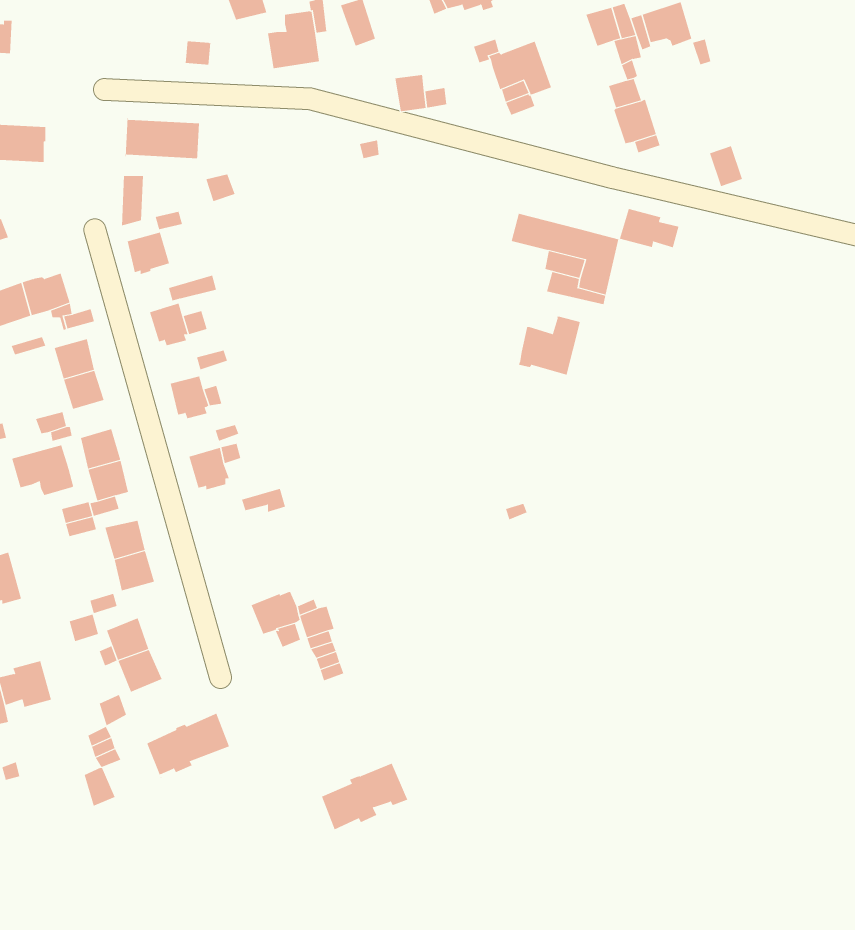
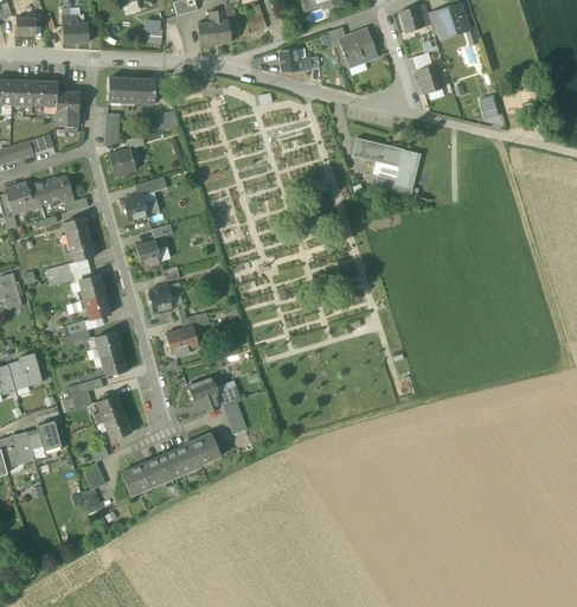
building: none -> [62,15,89,44]
building: none -> [56,92,79,133]
building: [619,208,679,248] -> none
building: [518,316,580,375] -> none
building: [12,445,74,496] -> none
building: none -> [165,326,197,356]
building: [321,763,409,830] -> [166,433,222,475]

